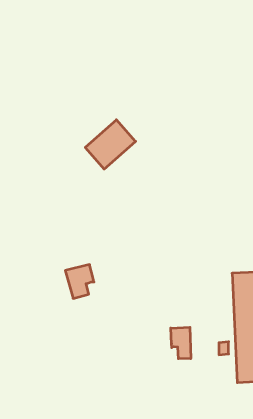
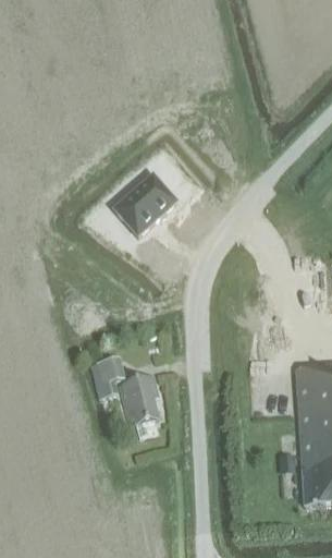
building: none -> [118,372,157,421]
building: [171,327,191,359] -> none

